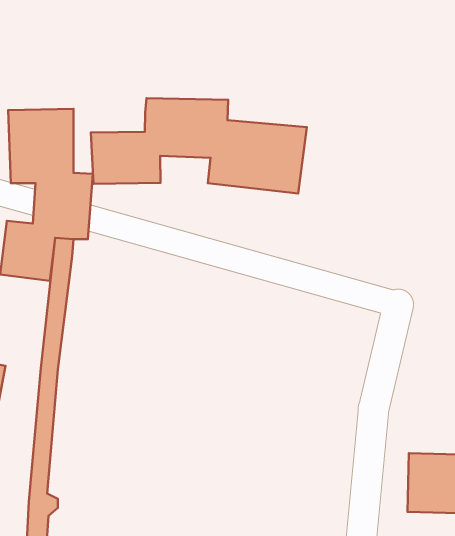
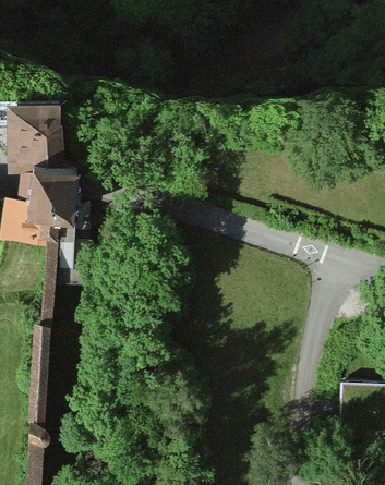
building: [91,98,307,194] -> none

